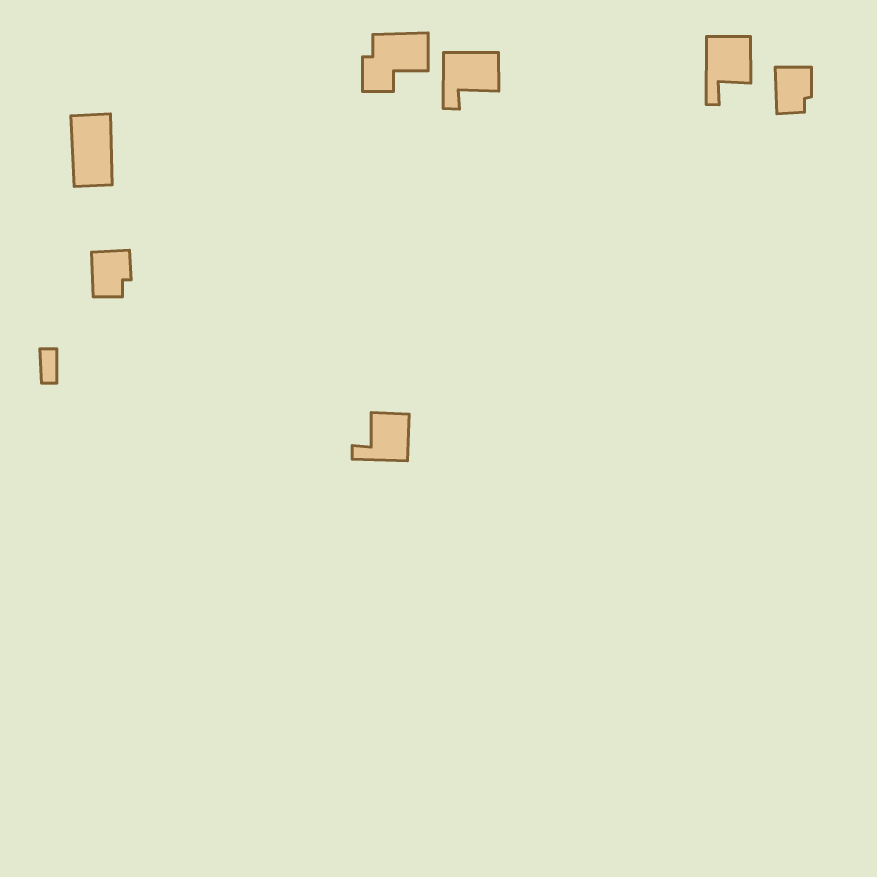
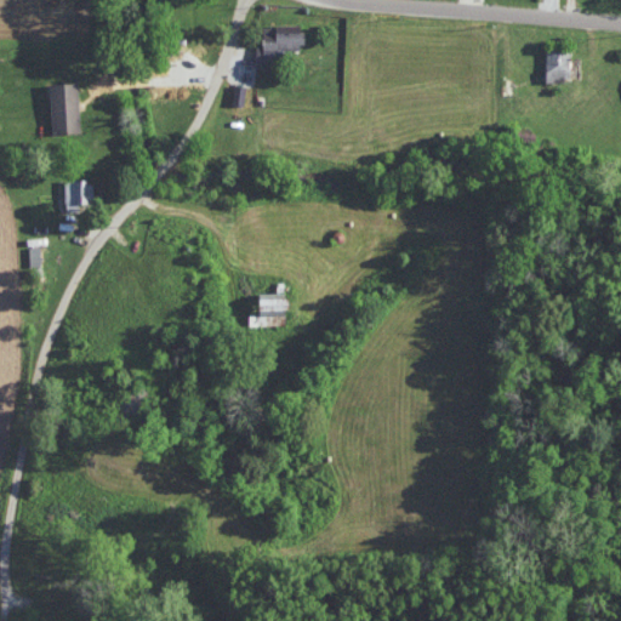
building: [706,36,751,105] -> none
building: [443,52,499,109] -> none

